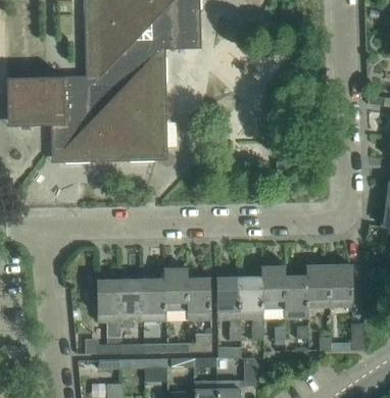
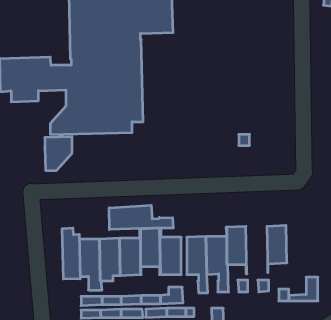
building: [51,112,82,150] -> [45,137,72,170]
building: none -> [109,205,173,230]
building: [329,264,353,306] -> none
building: [284,265,308,318] -> none
building: none -> [62,228,80,279]

